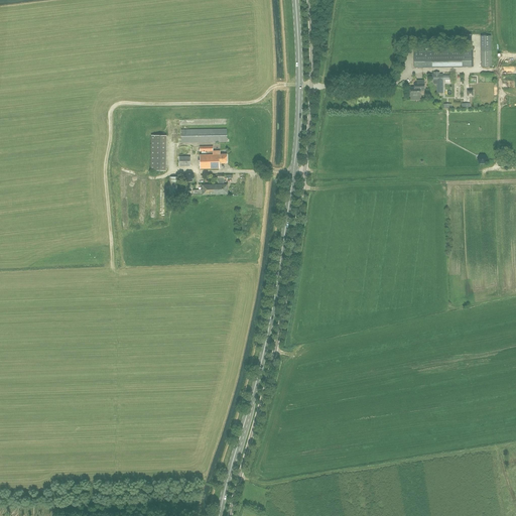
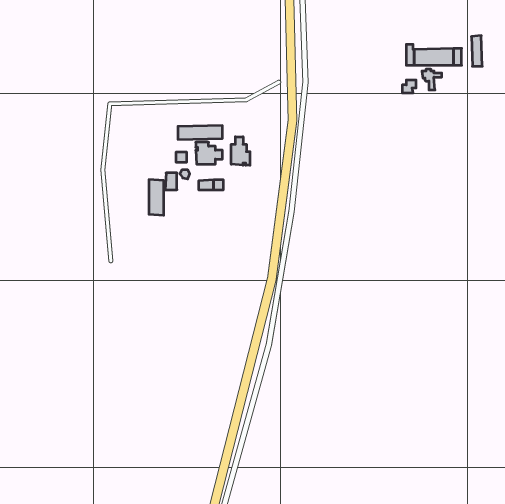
building: [151,134,166,170] -> [149,180,164,215]
building: none -> [231,137,250,165]

